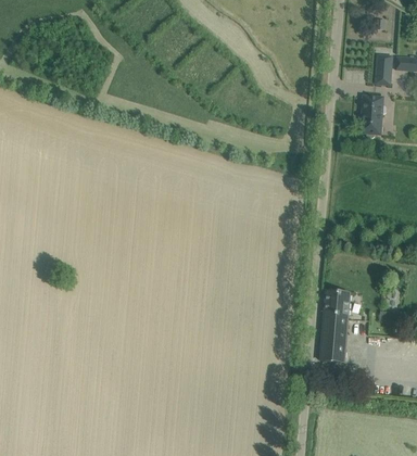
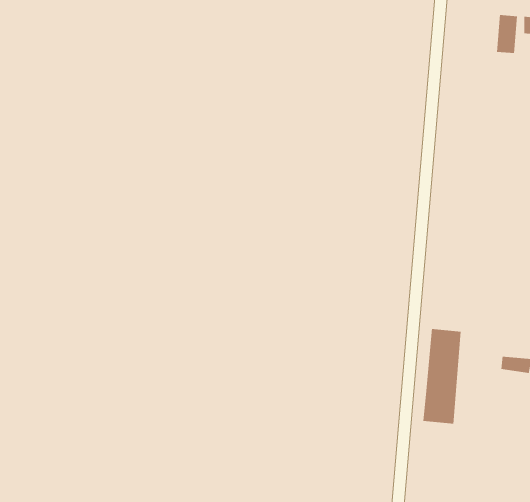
building: [362,94,387,137] -> none

